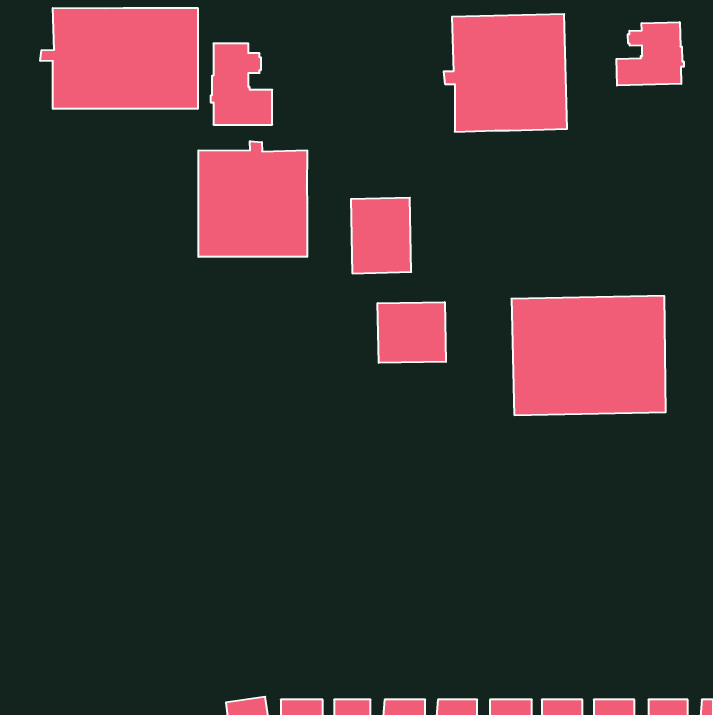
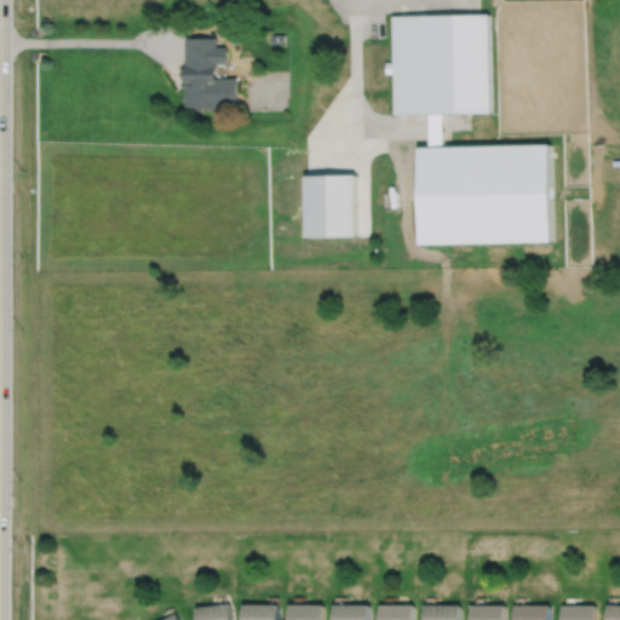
building: [40,8,198,109] -> none
building: [616,22,684,86] -> none
building: [198,141,307,257] -> none
building: [511,296,666,415] -> [417,142,550,245]
building: [378,302,446,363] -> none

